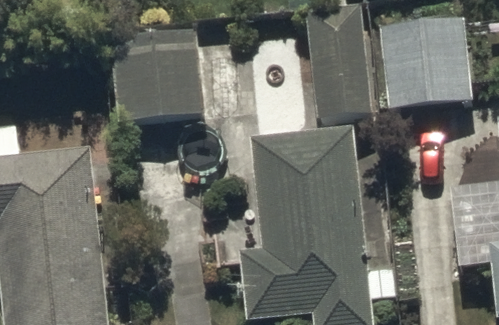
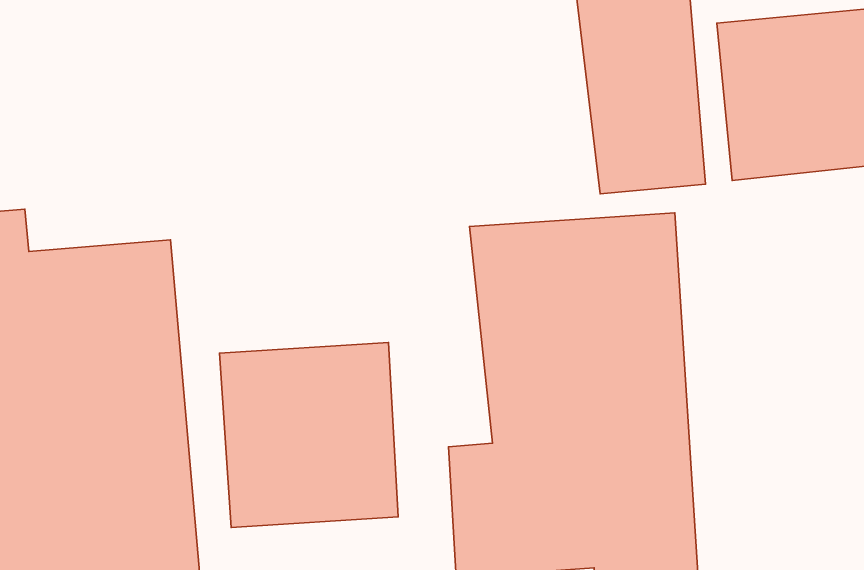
building: [111,24,205,122] -> none
building: none -> [220,342,398,527]

